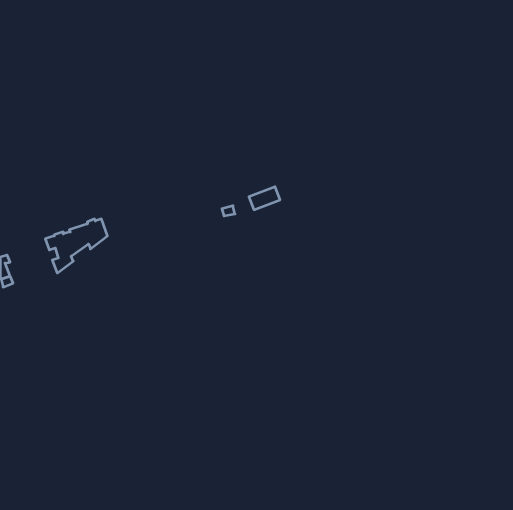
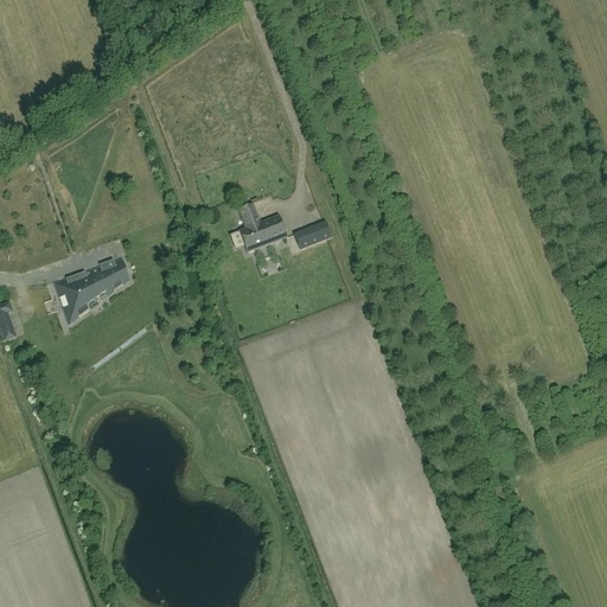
building: none -> [238,203,285,249]

